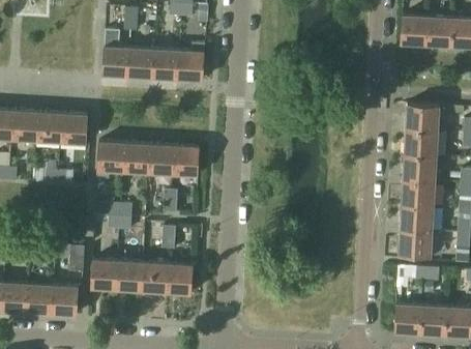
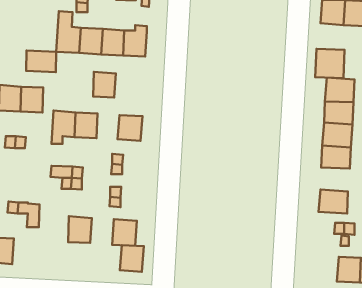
building: none -> [315,49,345,78]
building: none -> [26,51,56,72]
building: [148,144,174,173] -> [93,72,116,97]
building: [401,205,434,232] -> none
building: [91,259,117,289] -> none
building: [141,262,168,292] -> [120,245,144,272]
building: [53,285,79,315] -> none
building: [394,304,421,333] -> none

